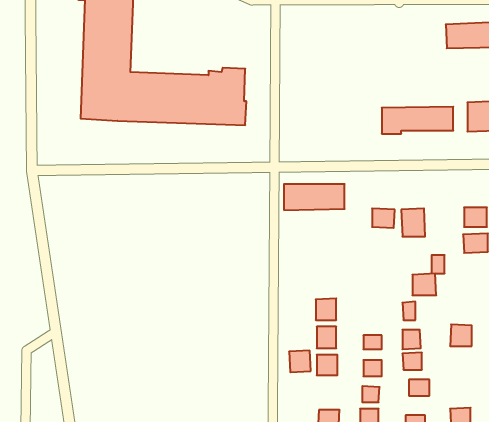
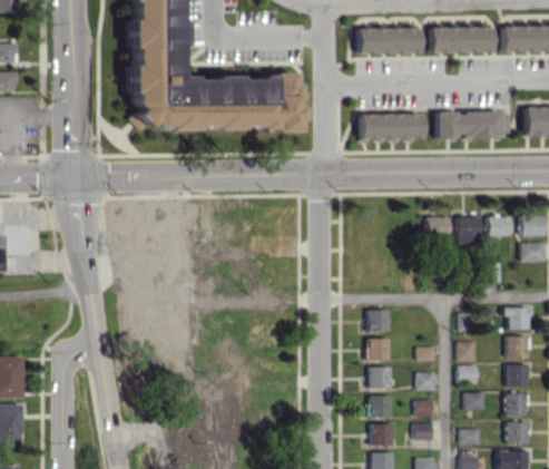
building: none -> [430,26,491,52]
building: none -> [356,27,419,53]
building: [284,184,345,210] -> [359,114,421,140]
building: none -> [487,215,510,236]
building: [412,274,436,295] -> [506,306,530,329]
building: [289,351,311,372] -> [369,394,391,417]
building: none -> [507,364,528,387]
building: none -> [504,392,527,414]

